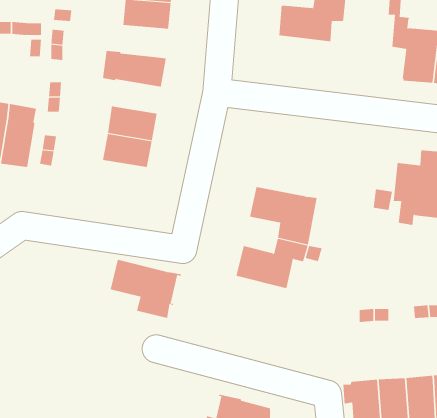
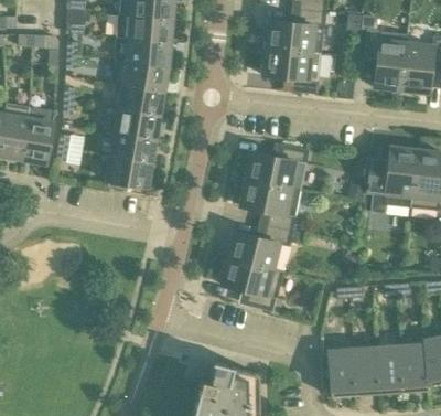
building: none -> [112,36,170,66]
building: none -> [262,46,318,93]
building: none -> [119,85,163,115]
building: none -> [246,145,308,189]
building: none -> [107,156,151,189]
building: [110,259,182,318] -> [222,257,284,309]

